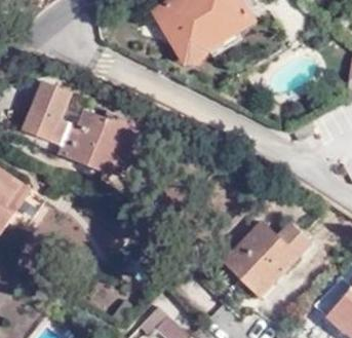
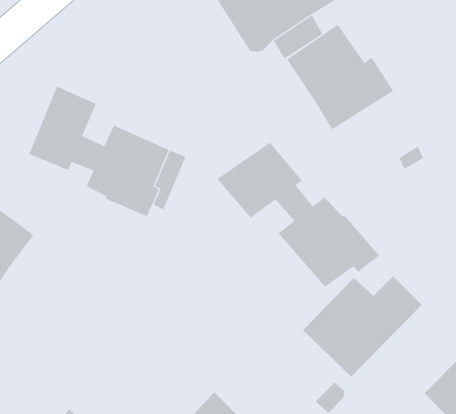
building: none -> [286,24,394,130]
building: none -> [216,142,380,287]

